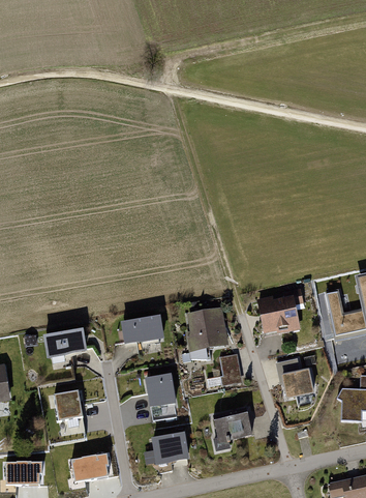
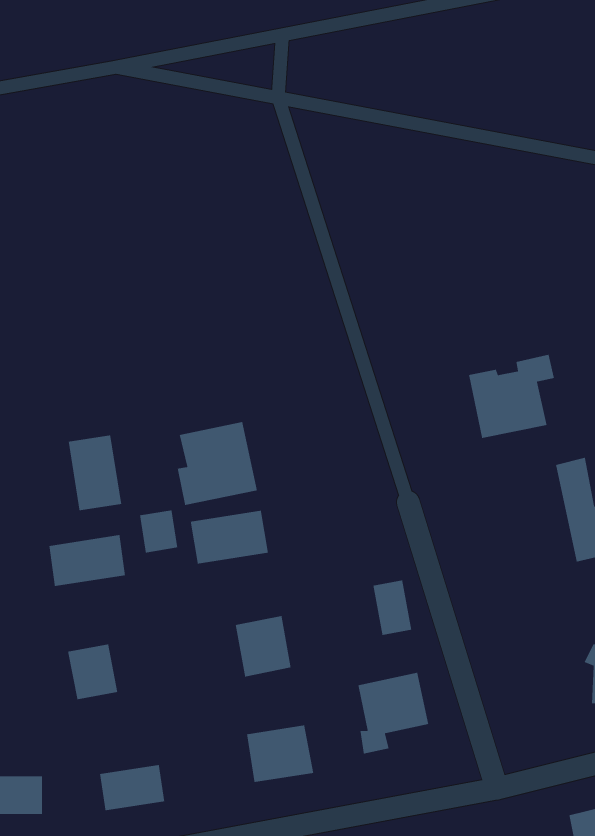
building: none -> [68,435,122,511]
building: [256,288,304,334] -> [468,354,555,439]
building: [184,306,228,353] -> [177,421,258,506]
building: none -> [139,509,178,553]
building: [278,365,315,402] -> none

